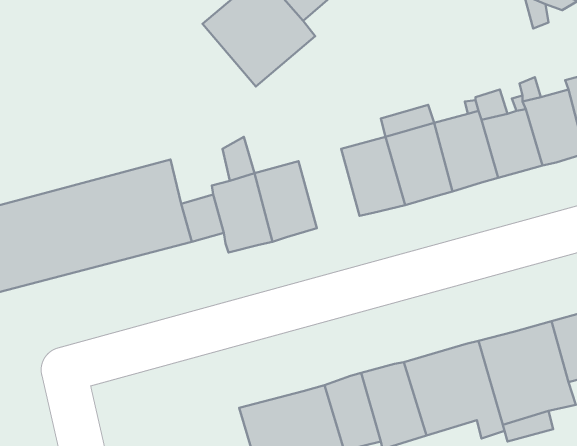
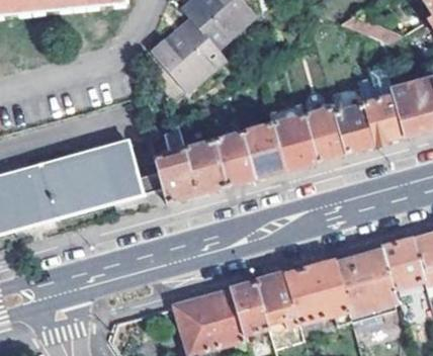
building: none -> [211,132,252,185]

